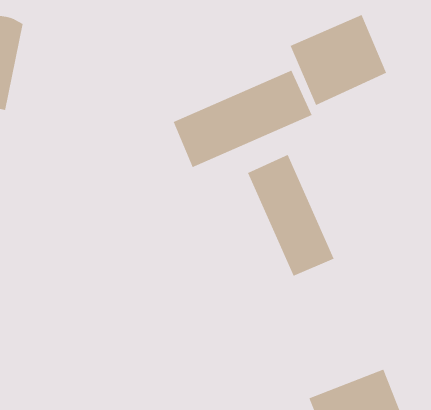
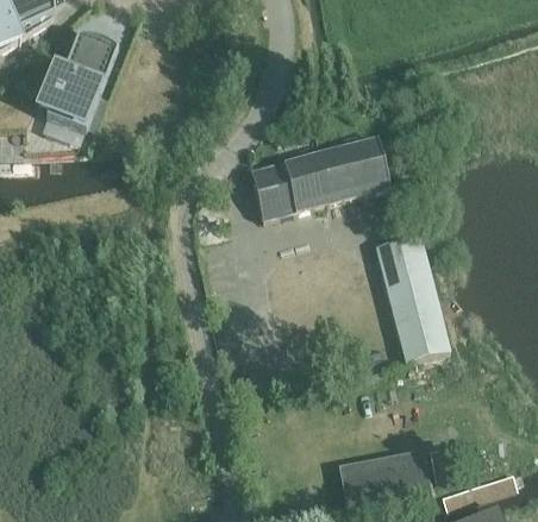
building: [290,14,387,106] -> none
building: [247,154,334,276] -> [376,235,449,358]

